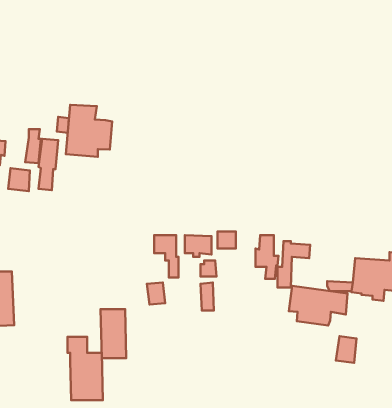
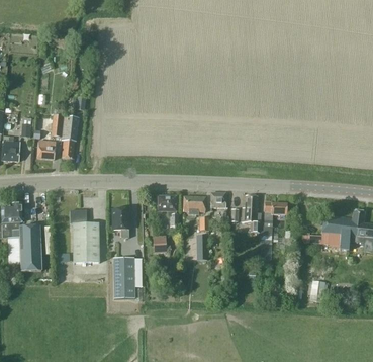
building: [66,105,112,157] -> none
building: none -> [112,209,128,238]
building: [289,286,347,325] -> none
building: [68,337,103,400] -> [70,210,99,263]

